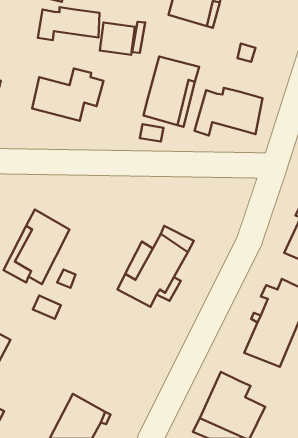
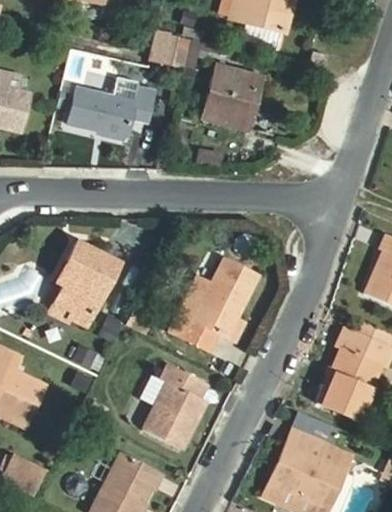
building: [38,7,99,40] -> none
building: [194,88,263,135] -> none
building: none -> [141,360,203,447]
building: none -> [310,423,346,468]

